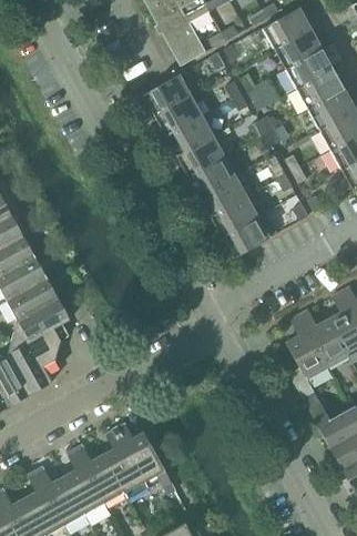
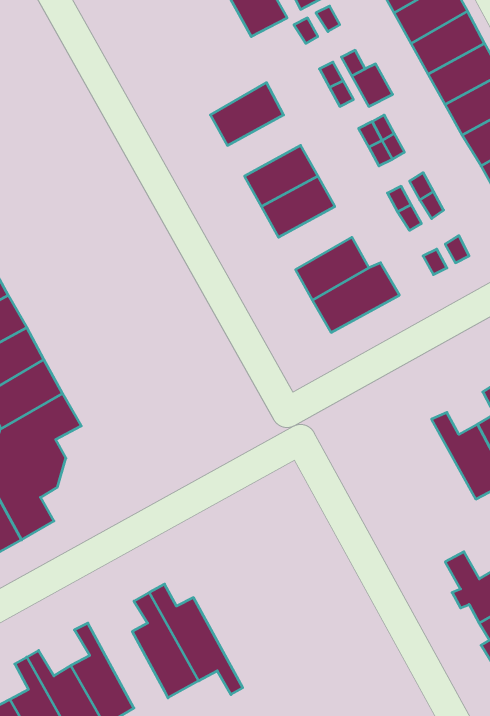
building: [143,69,200,115] -> none
building: [166,115,214,155] -> none
building: [200,171,255,216] -> none
building: [286,314,328,407] -> none
building: [75,443,125,503] -> none

